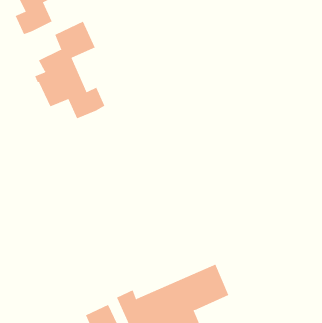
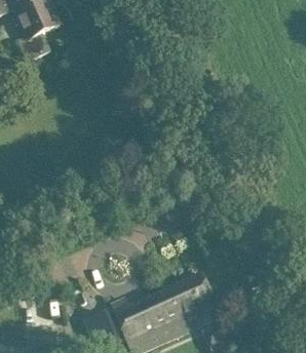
building: [34,21,105,119] -> none

